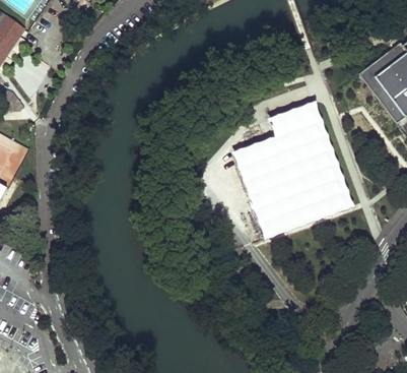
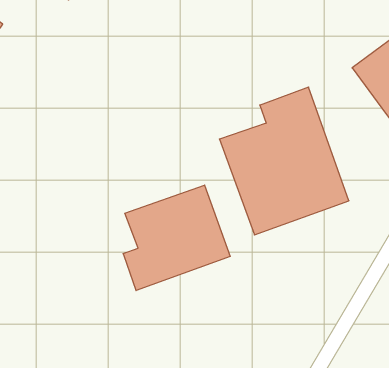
building: none -> [123,185,230,291]

